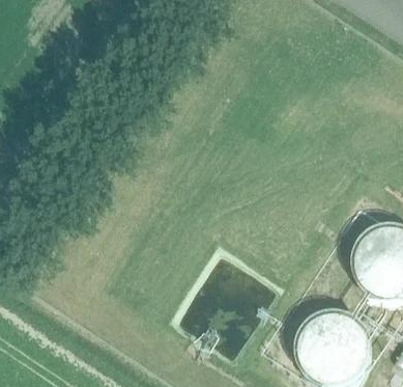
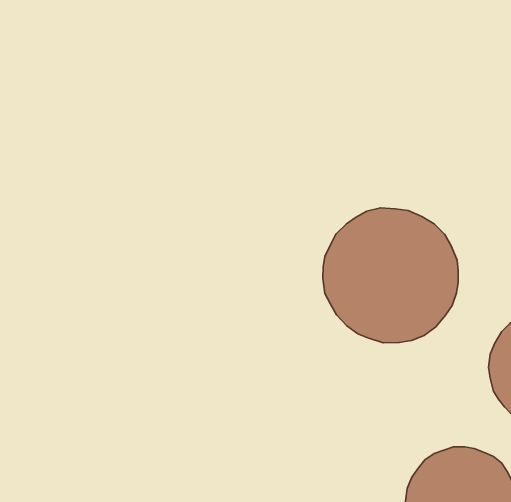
building: none -> [323,208,458,343]

